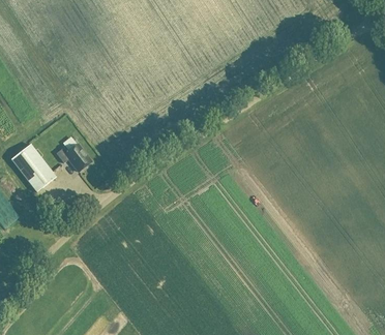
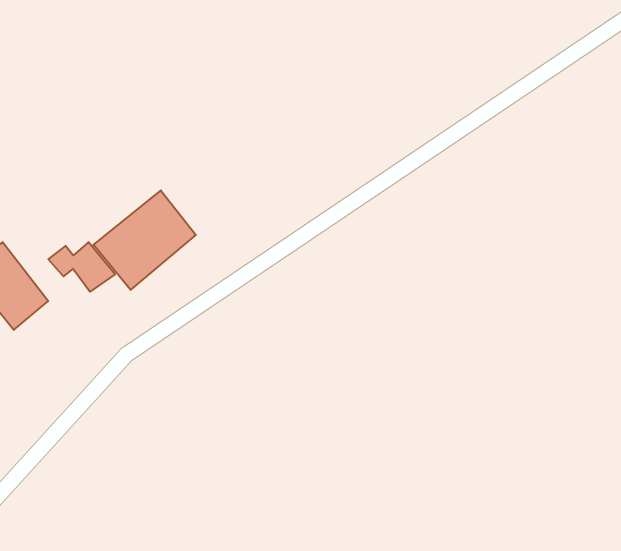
building: none -> [93,190,196,290]

